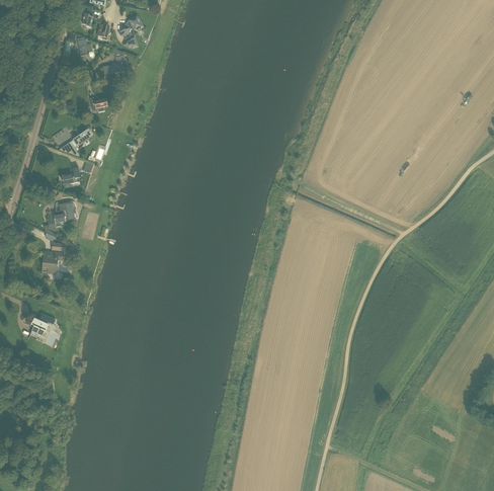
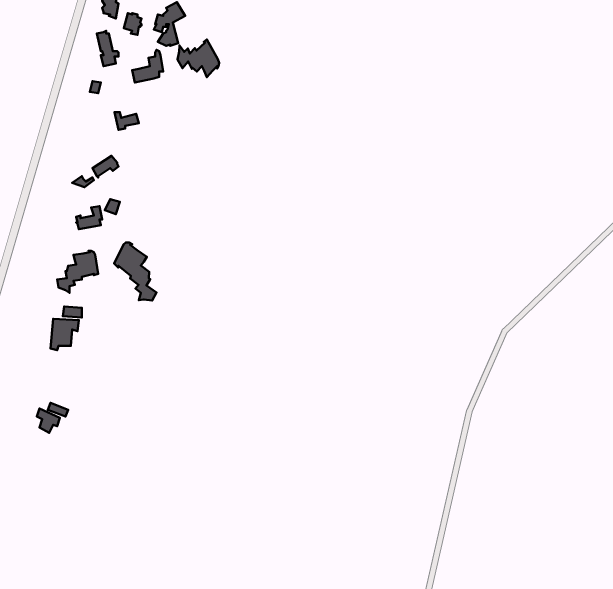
building: none -> [178,40,219,77]
building: none -> [114,242,156,300]

